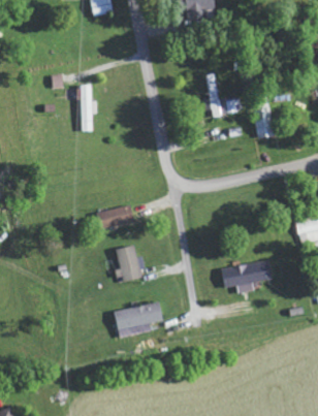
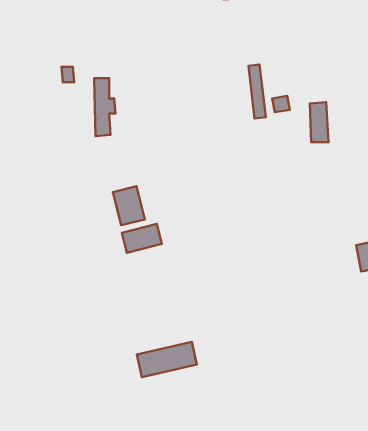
building: none -> [113,186,145,225]
building: [115,246,141,283] -> none
building: [222,260,273,292] -> none

